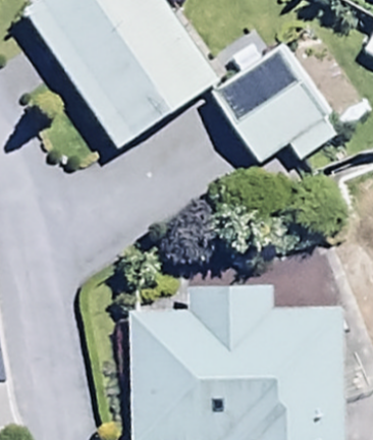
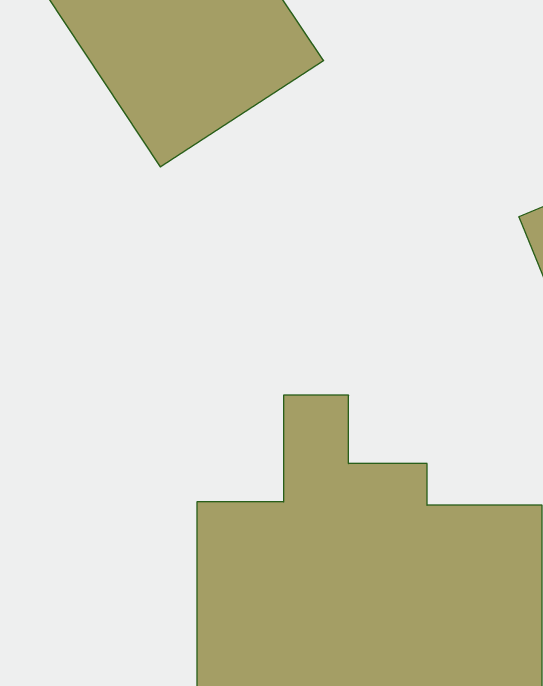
building: [213,23,322,131] -> none

